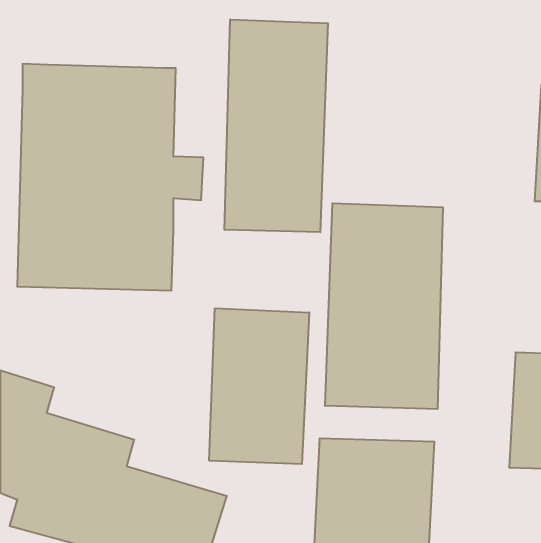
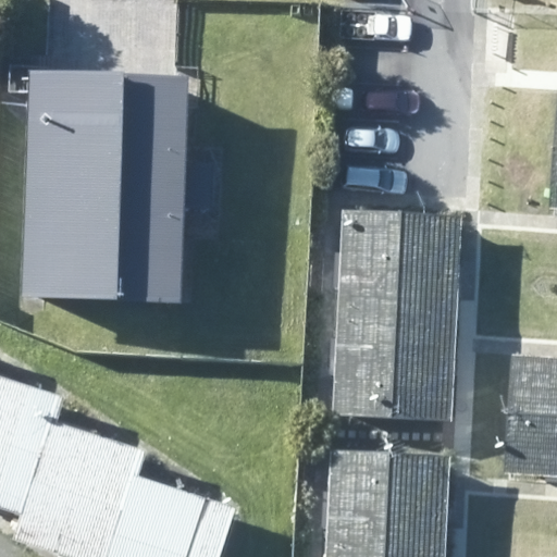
building: [224,19,328,232] -> none
building: [209,308,309,464] -> none

